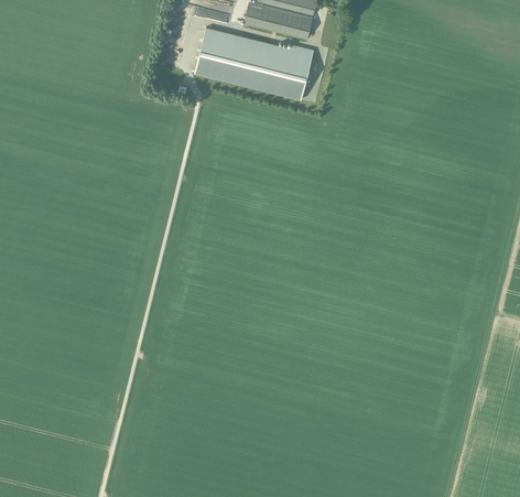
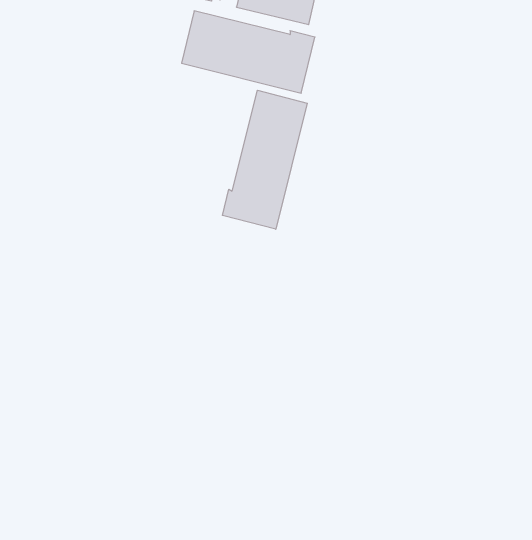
building: none -> [222,90,307,229]

